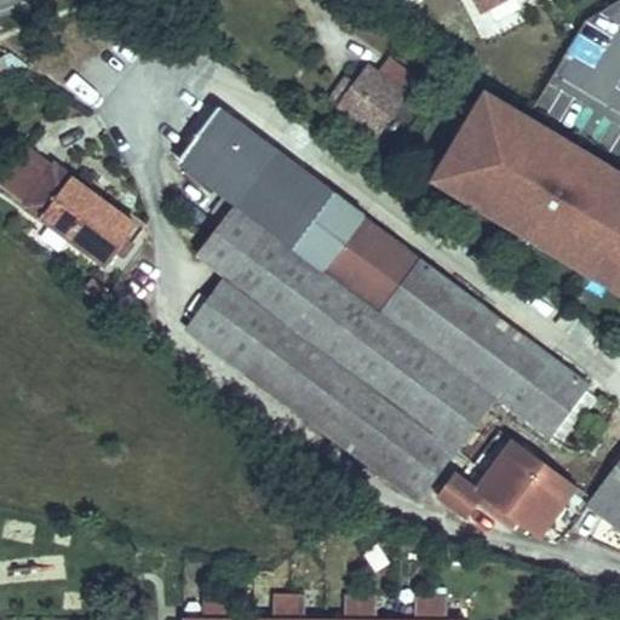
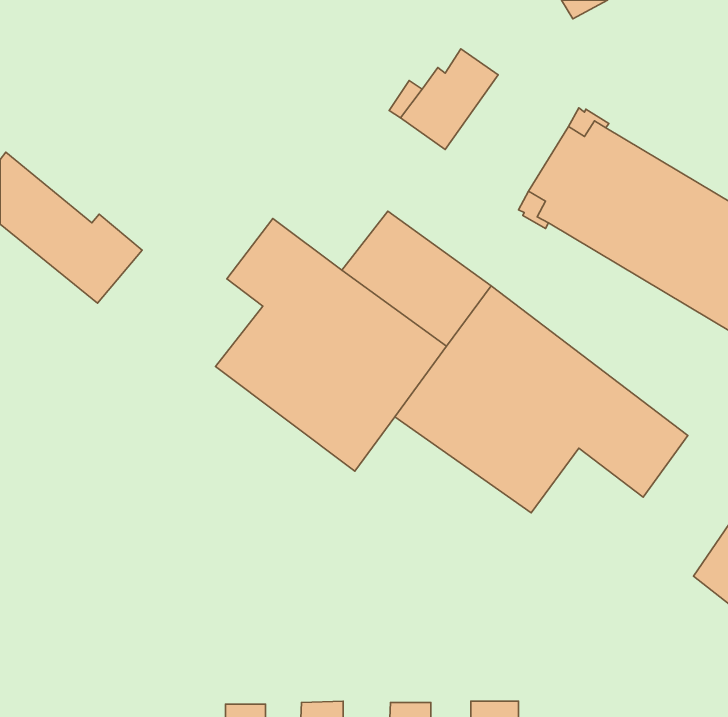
building: [178,104,332,242] -> none
building: [304,366,453,495] -> none
building: [441,442,579,535] -> none

